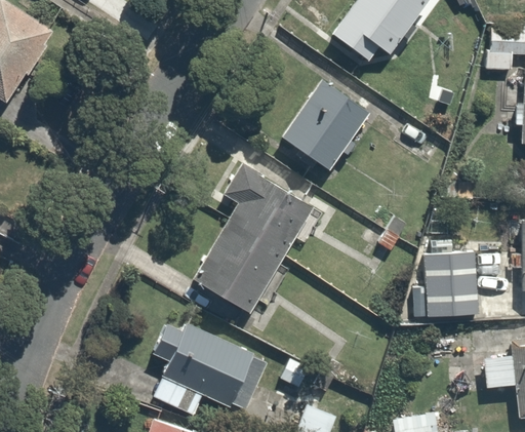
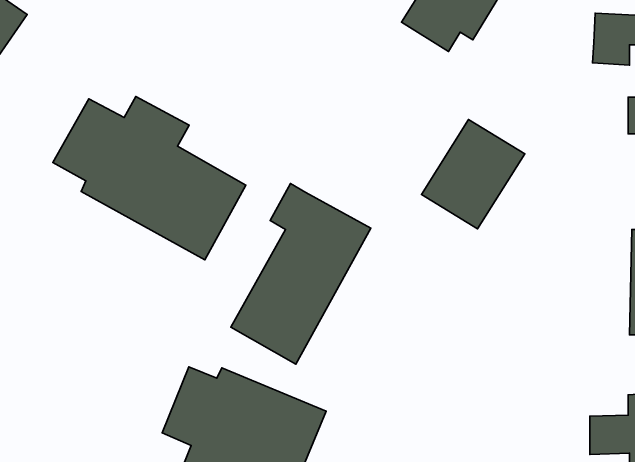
building: [284,82,367,170] -> [422,119,525,229]
building: none -> [53,97,246,260]
building: [418,248,486,313] -> none

